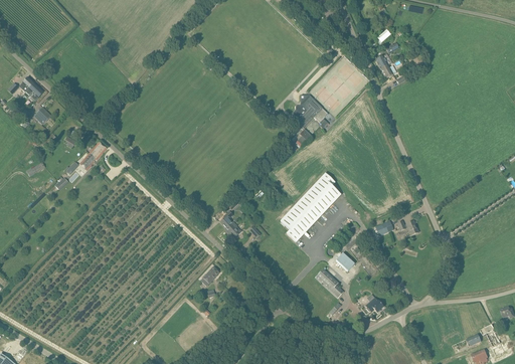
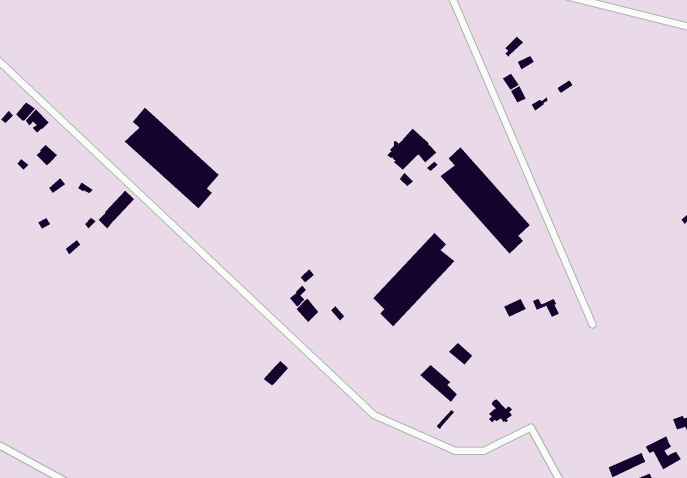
building: none -> [124,107,219,209]
building: none -> [440,146,530,254]

